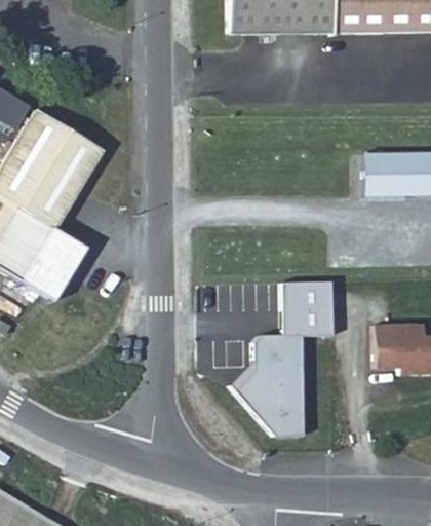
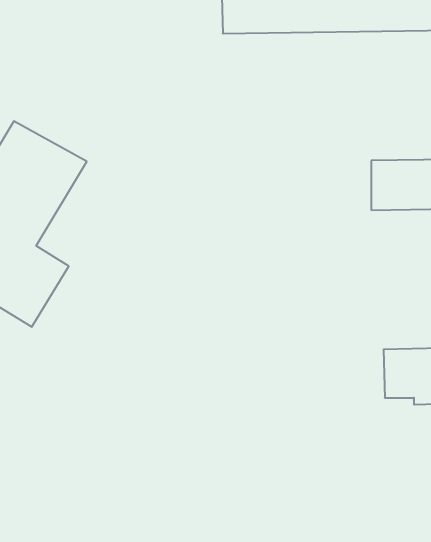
building: [222,283,331,440] -> none

